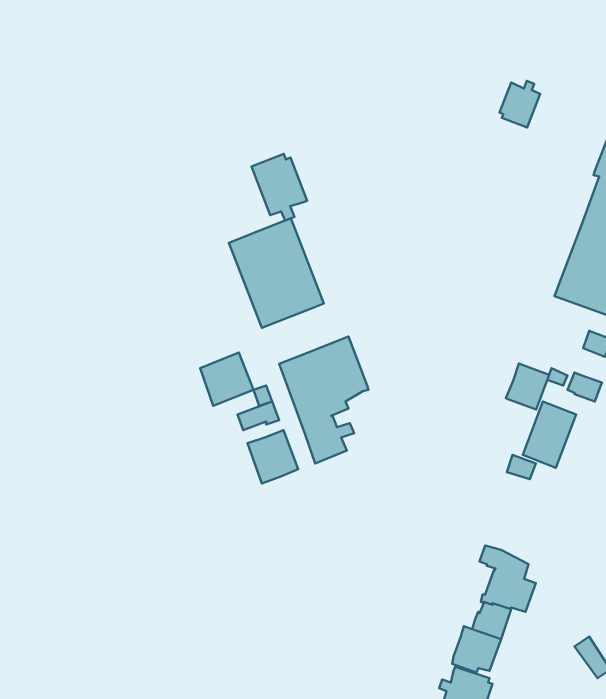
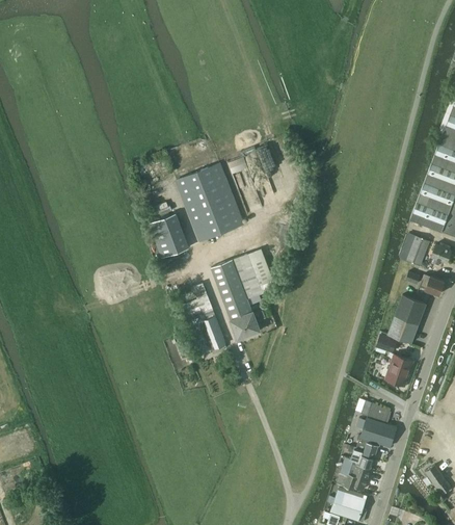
building: [500,81,540,128] -> none
building: [251,154,307,220] -> none
building: [200,352,253,406] -> [151,220,189,259]
building: [506,363,549,410] -> [399,233,430,266]
building: none -> [385,355,413,388]

